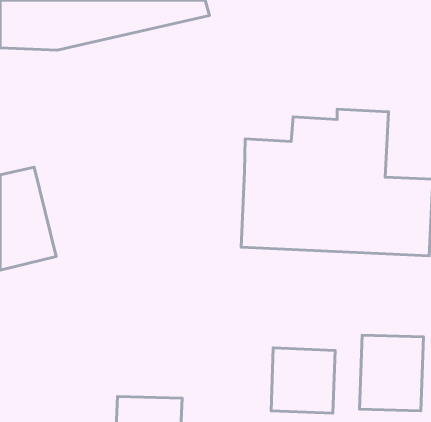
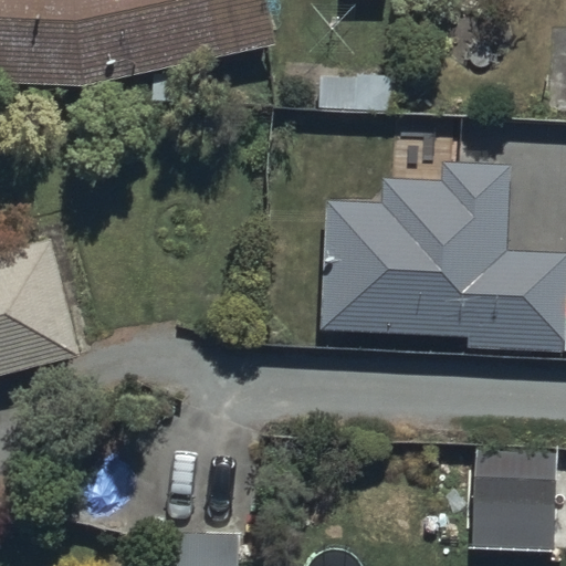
building: [271,348,335,413] -> none

